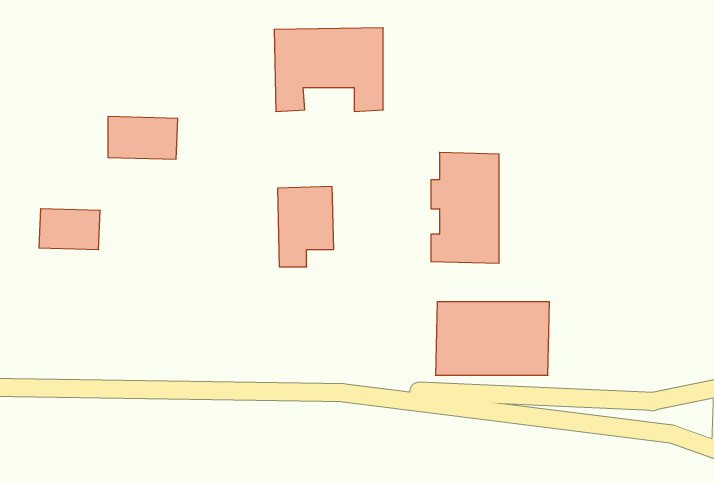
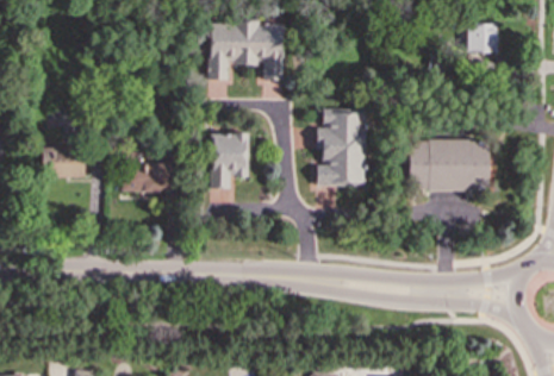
building: none -> [467,23,498,52]
building: [108,117,178,159] -> [123,162,172,192]
building: [435,302,550,375] -> [409,139,488,190]

